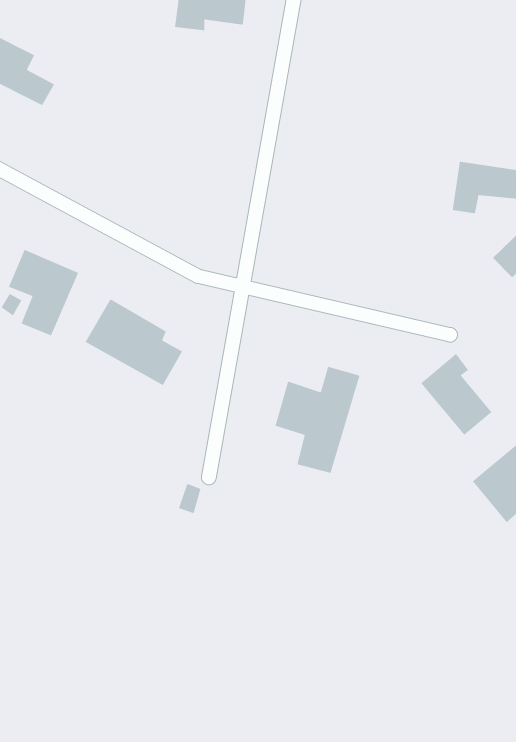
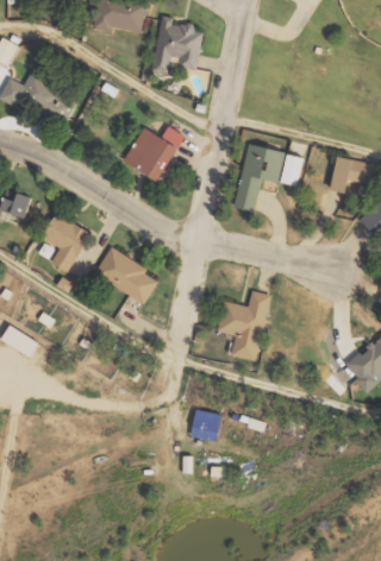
building: none -> [124,127,187,182]
building: none -> [232,143,305,213]
building: [420,353,492,436] -> none
building: none -> [191,410,223,442]

